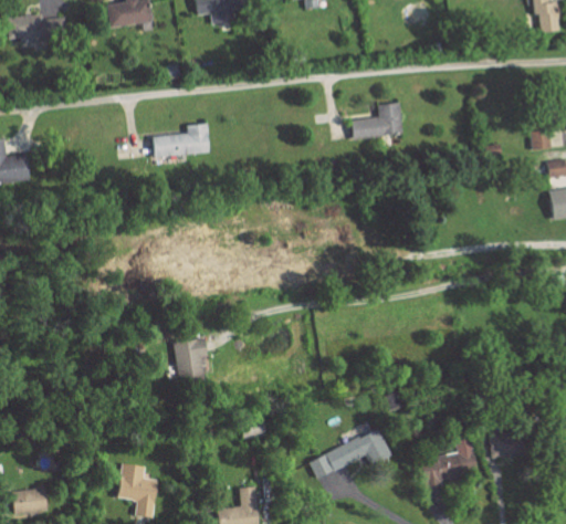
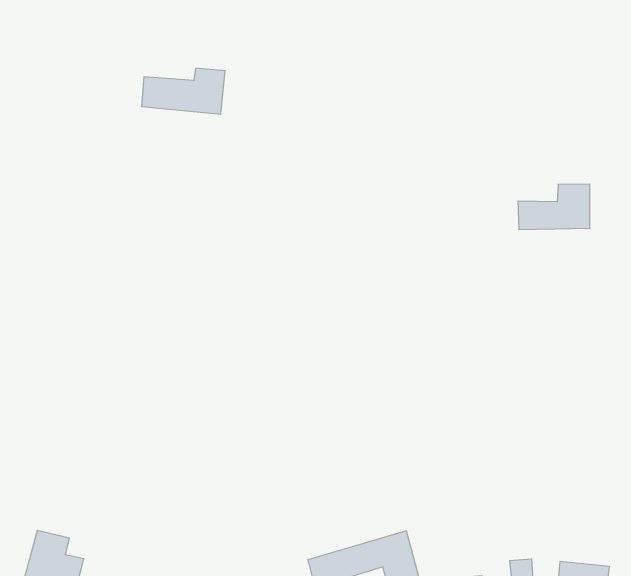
building: [350,102,403,140] -> [518,184,590,230]
building: [175,339,208,378] -> none

